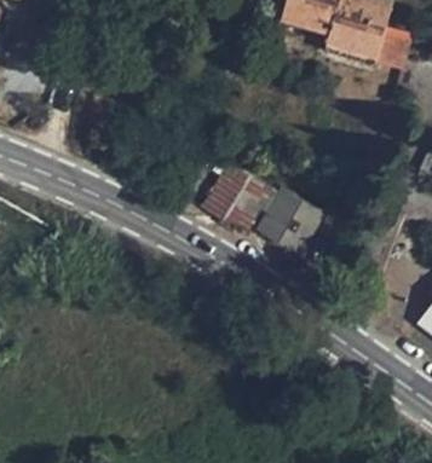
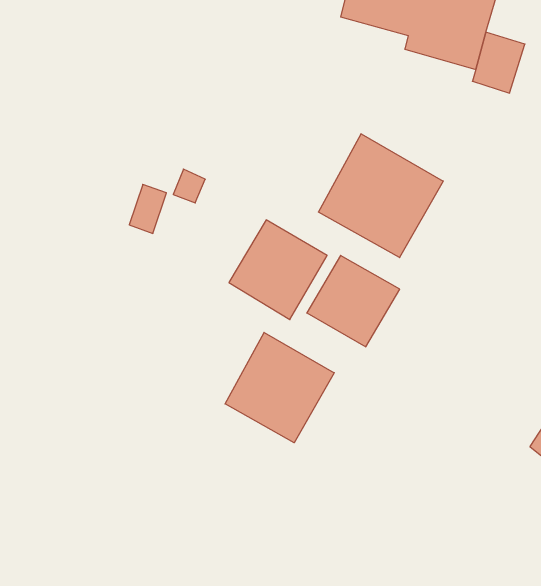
building: none -> [318,134,443,258]
building: none -> [225,332,334,443]

